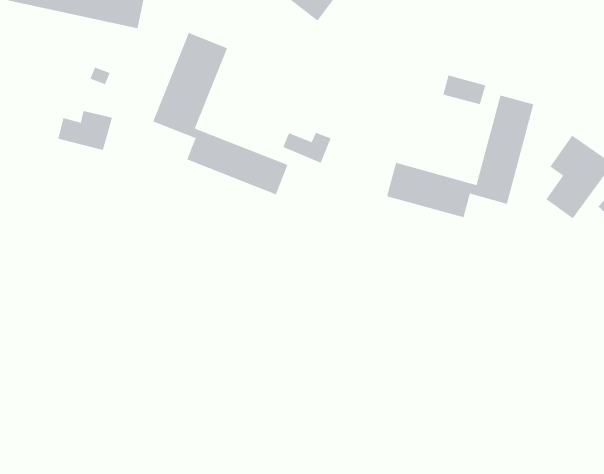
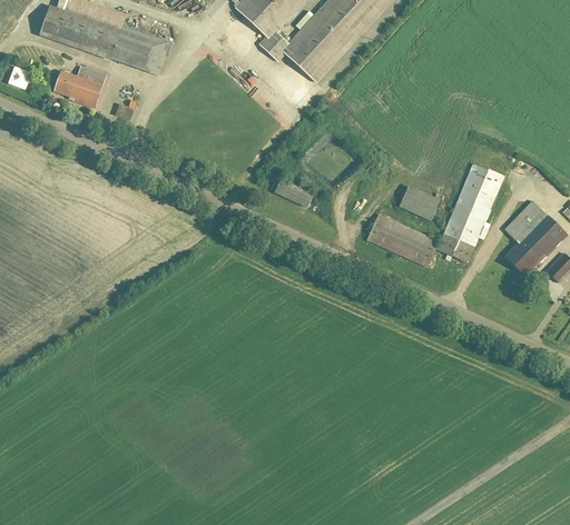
building: [152,32,288,195] -> none
building: [442,75,486,105] -> [397,185,436,214]
building: [57,110,113,151] -> [53,67,104,103]

